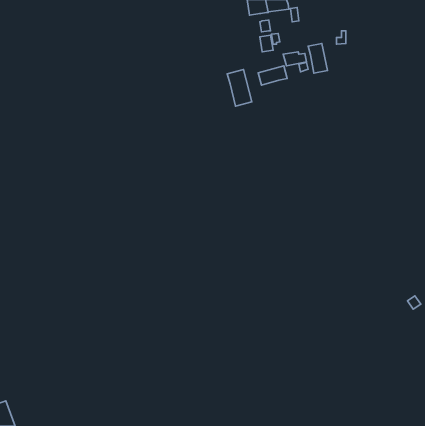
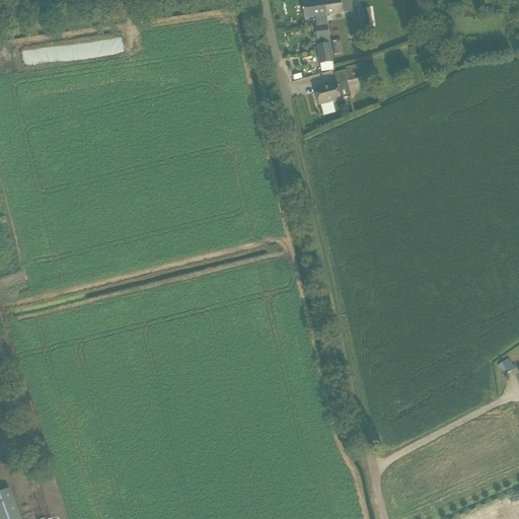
building: [308,44,328,73] -> none
building: [227,70,252,106] -> none

